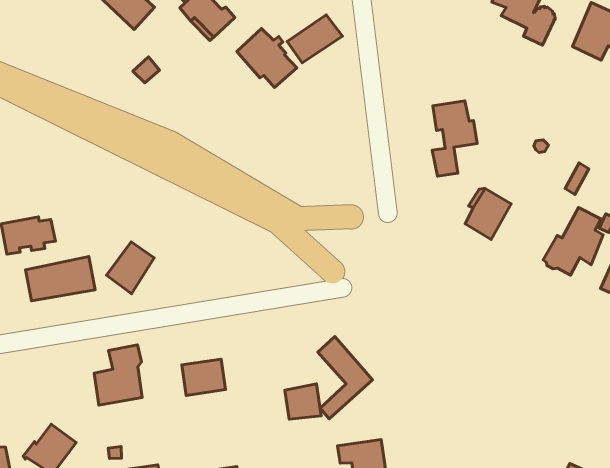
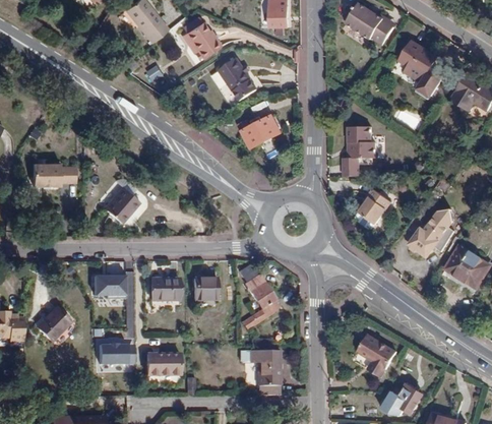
building: [287,15,343,63] -> [244,116,283,146]
building: [25,257,95,301] -> none
building: [285,384,321,419] -> [193,278,216,300]
building: none -> [350,329,388,371]

